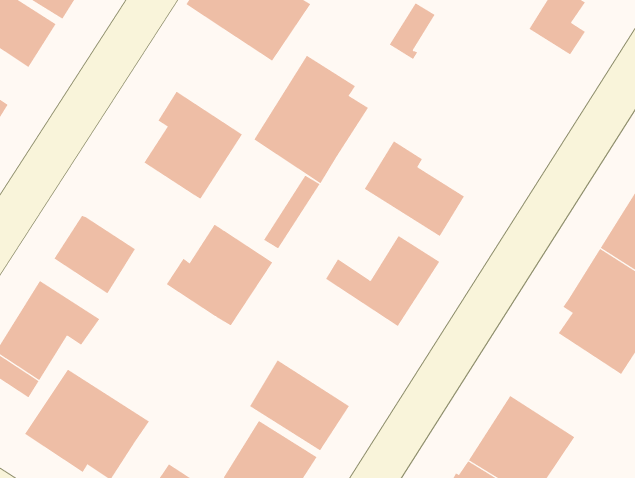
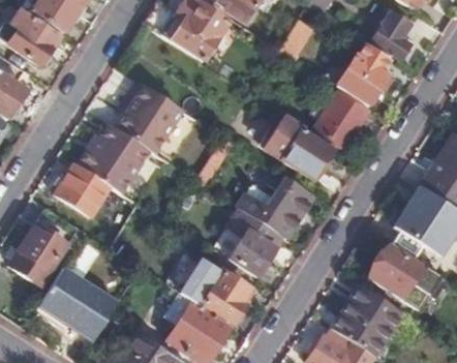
building: none -> [335,41,392,105]
building: [253,55,369,184] -> none
building: none -> [313,93,365,147]
building: [166,224,273,326] -> [78,124,149,192]
building: none -> [230,222,273,274]
building: none -> [368,244,421,297]

